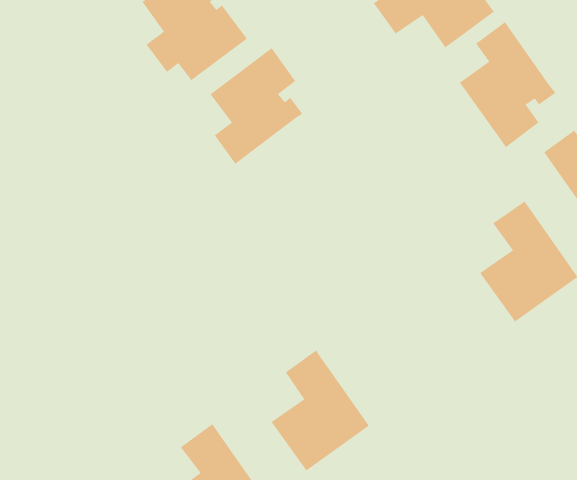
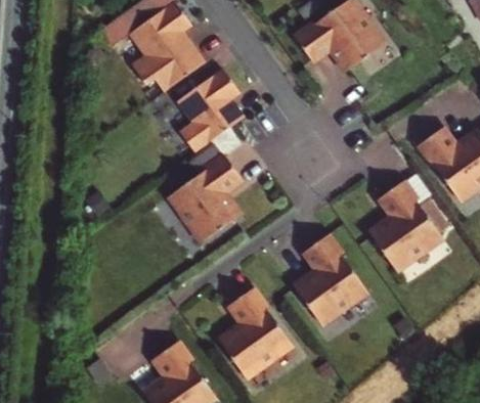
building: [459,21,556,148] -> none
building: none -> [170,156,241,242]
building: none -> [296,234,367,322]

